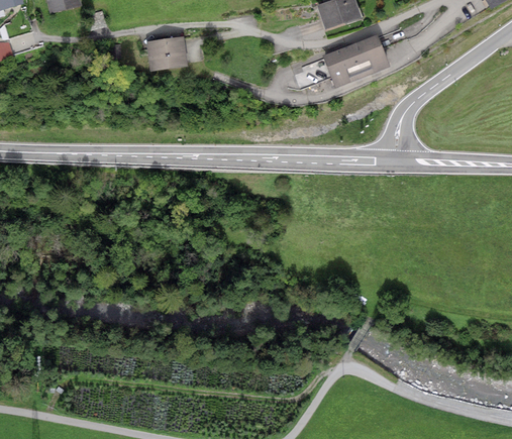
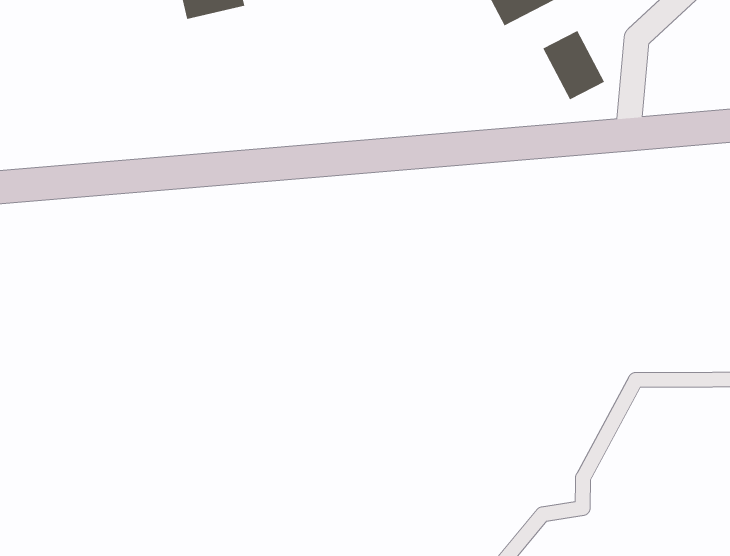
building: none -> [543,30,605,100]

